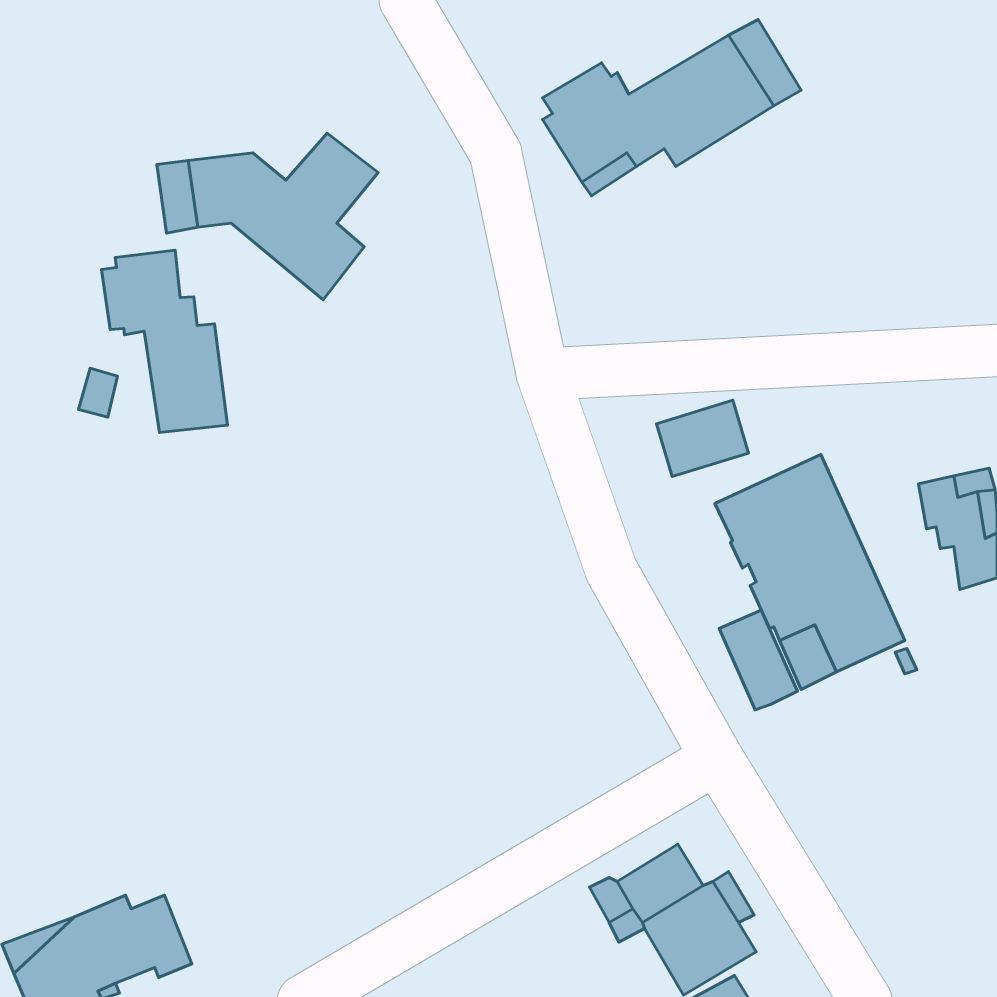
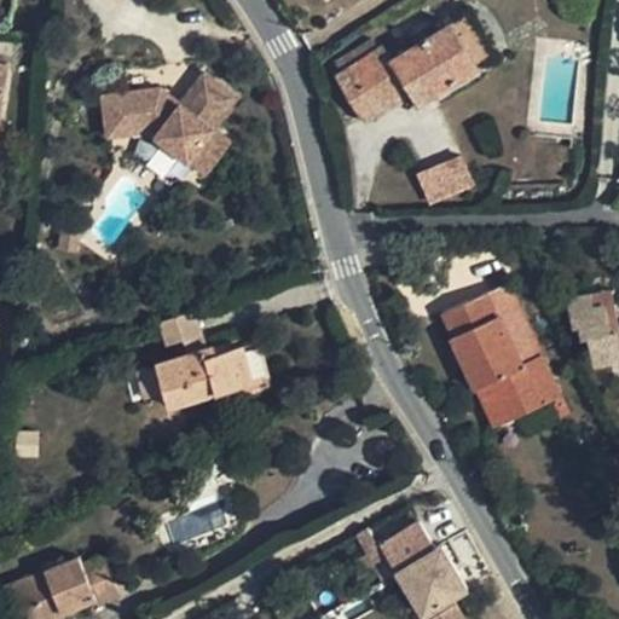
building: [102,250,227,433] -> none
building: [657,400,749,477] -> [413,158,470,206]
building: none -> [154,310,251,409]
building: [719,610,797,710] -> none

